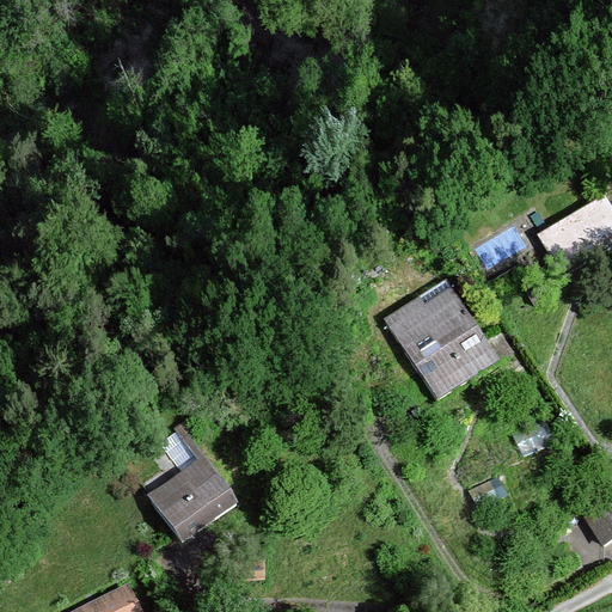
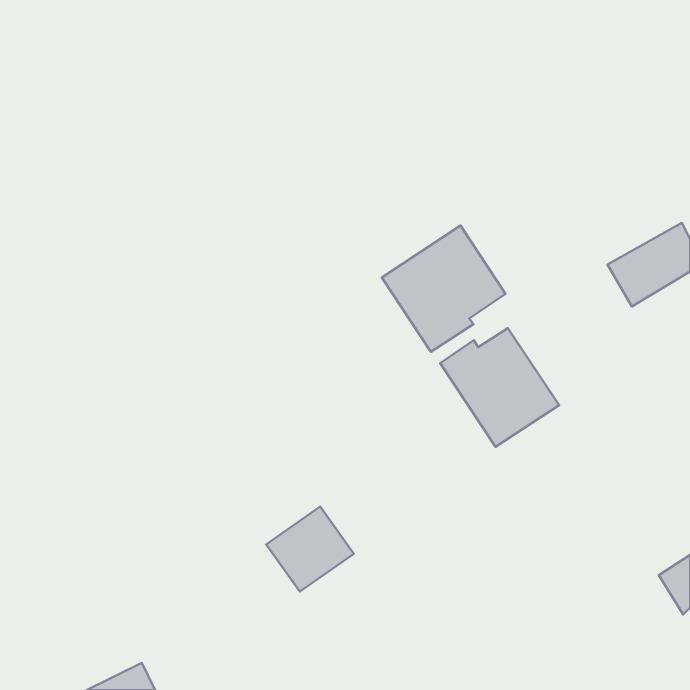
building: none -> [382,225,505,352]
building: [154,460,232,536] -> [266,507,354,592]

